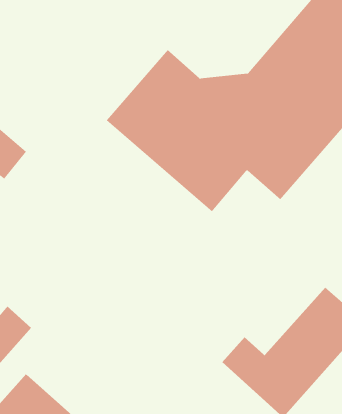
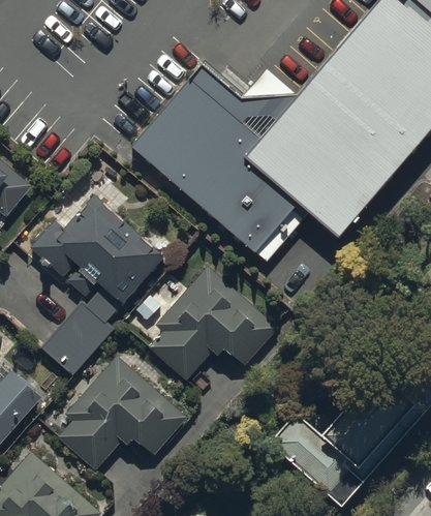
building: none -> [30,192,164,376]
building: none -> [124,264,277,384]
building: none -> [57,354,186,472]

